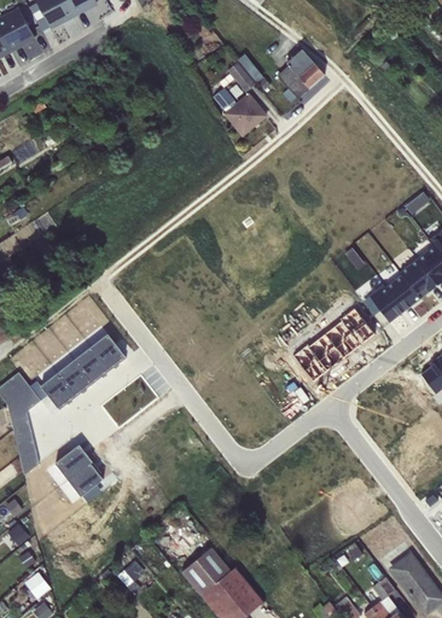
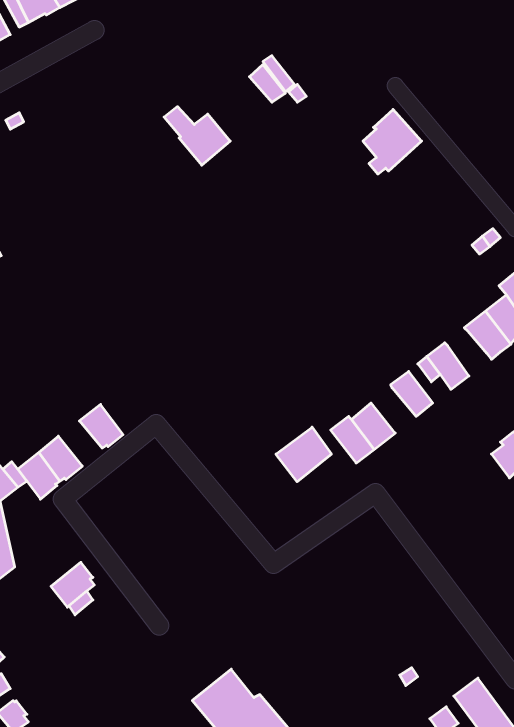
building: [277,48,324,100] -> [363,109,422,174]
building: [211,87,264,134] -> [164,107,230,165]
building: [385,274,420,310] -> none
building: [324,320,360,356] -> none
building: [72,346,107,383] -> none
building: none -> [276,427,331,482]
building: [54,444,91,479] -> none

